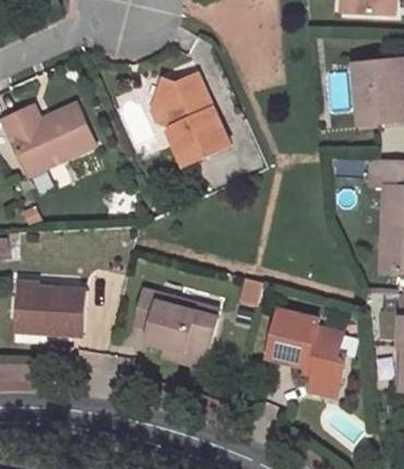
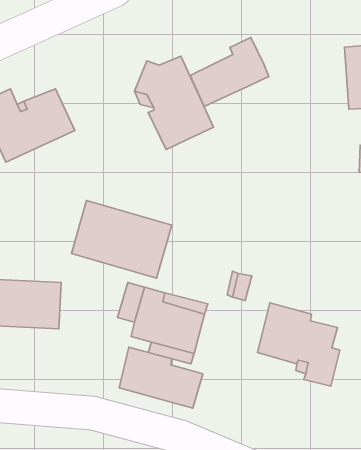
building: none -> [190,38,269,107]
building: none -> [71,201,172,278]
building: none -> [119,347,203,408]

